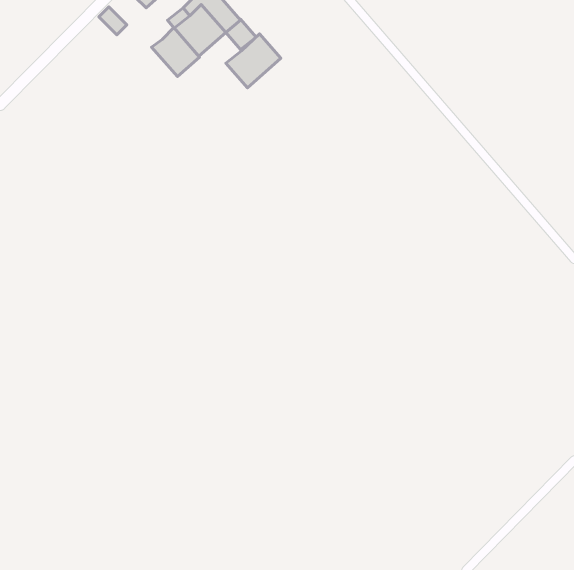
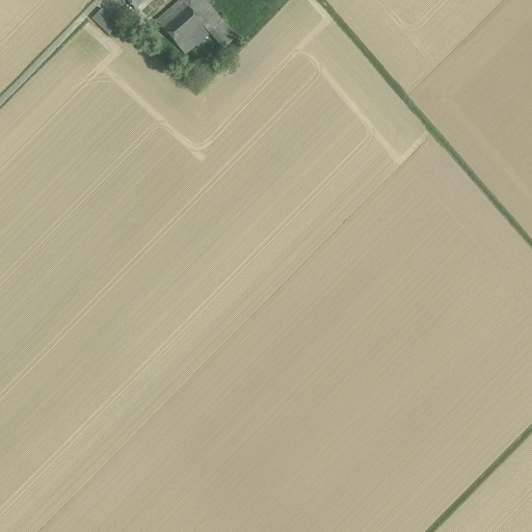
building: [152,28,200,77] -> none
building: [226,34,281,88] -> none

